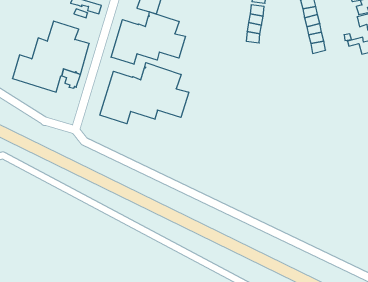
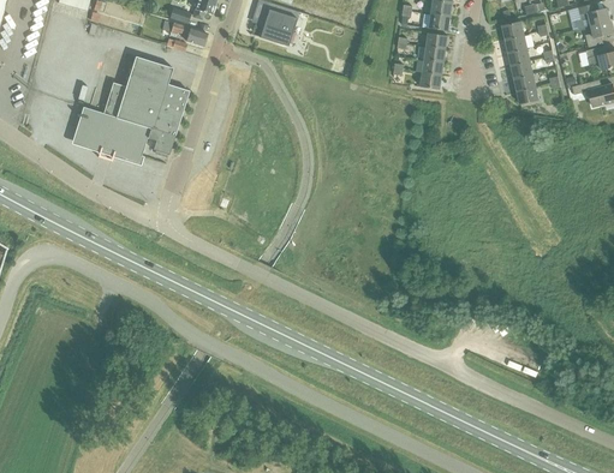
building: [111,12,185,64] -> none
building: [100,63,189,124] -> none

